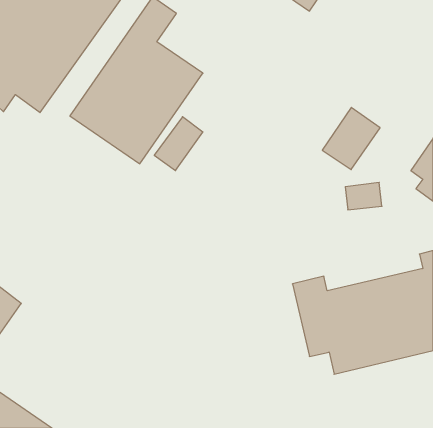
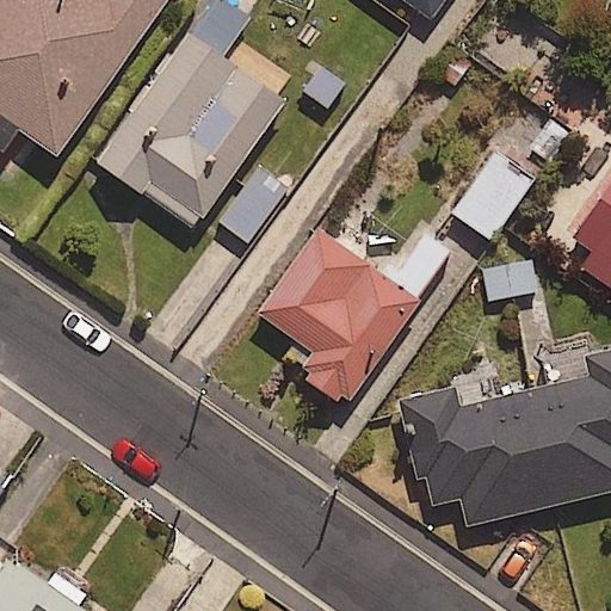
building: none -> [259,230,449,406]

